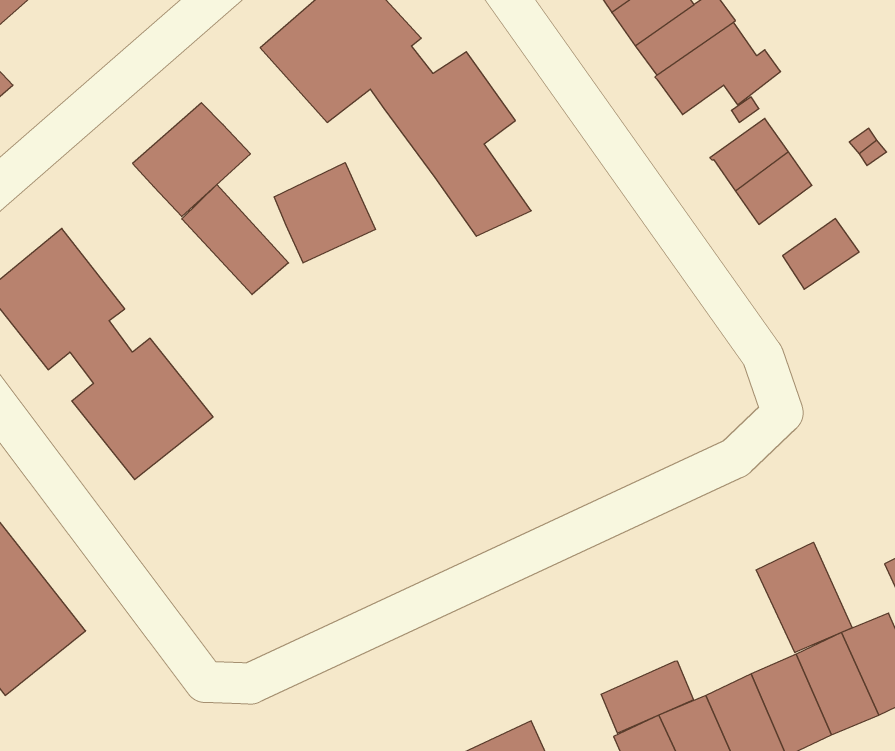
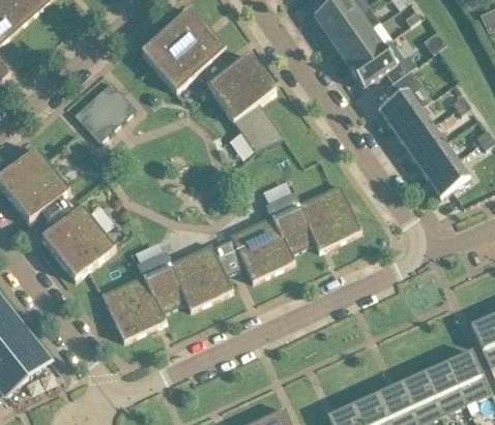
building: [274,163,376,263] -> none
building: [182,184,289,295] -> none
building: none -> [404,124,444,161]
building: none -> [428,159,469,198]
building: none -> [101,183,361,340]
building: [756,542,852,653] -> none
building: [601,661,693,733] -> none

